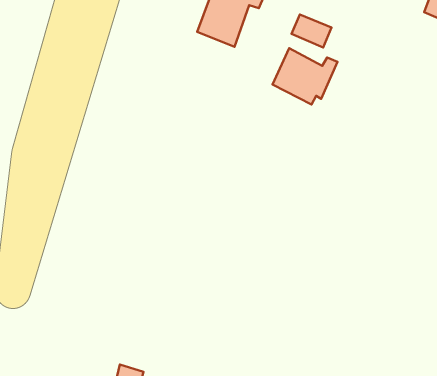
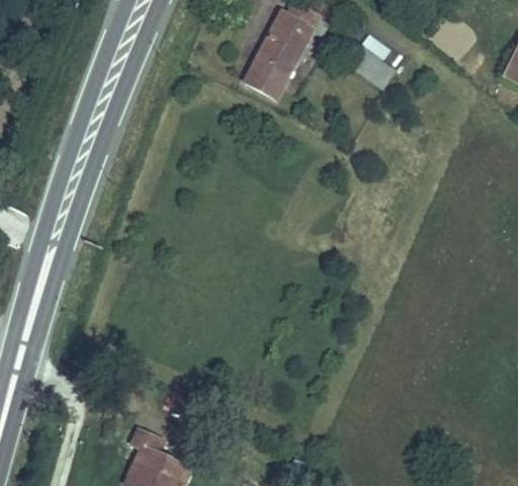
building: [272,48,338,105] -> none

